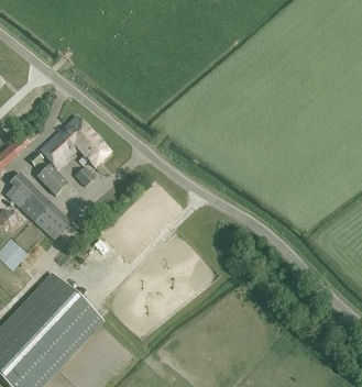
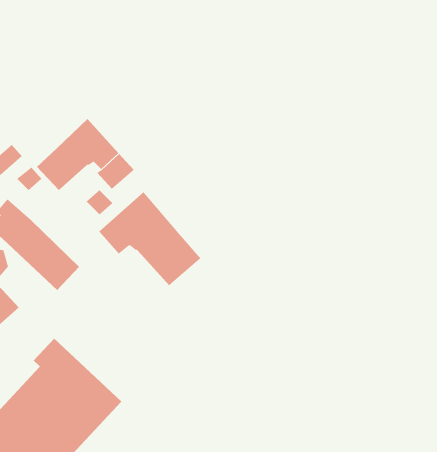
building: [37,164,68,195] -> none
building: none -> [98,191,201,286]

